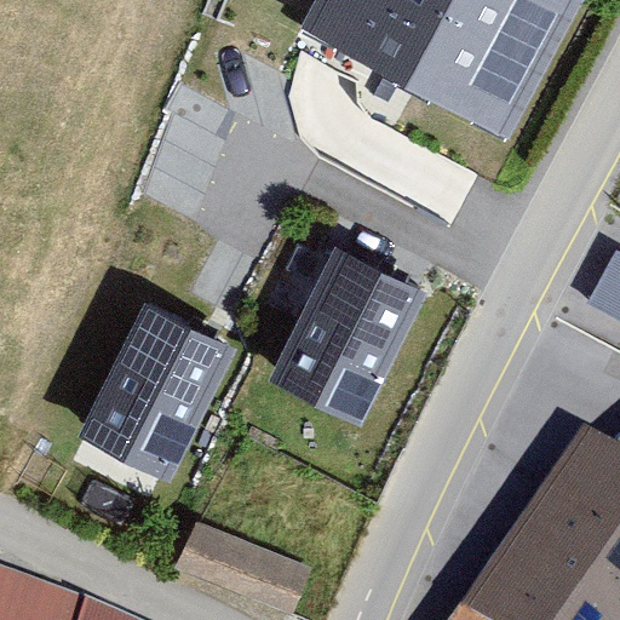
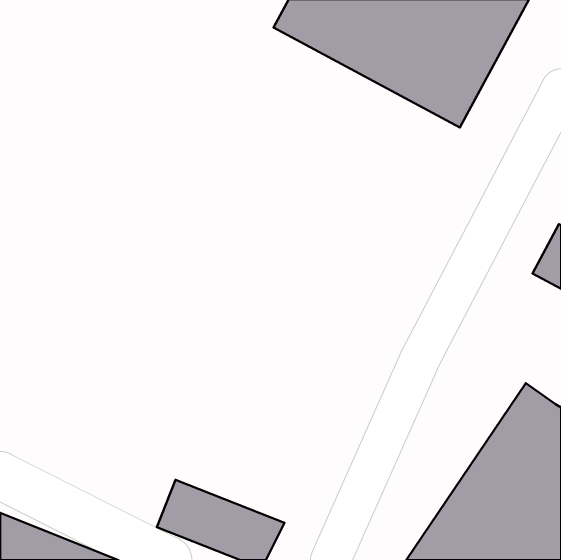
building: [269,251,426,429] -> none
building: [76,302,237,481] -> none

